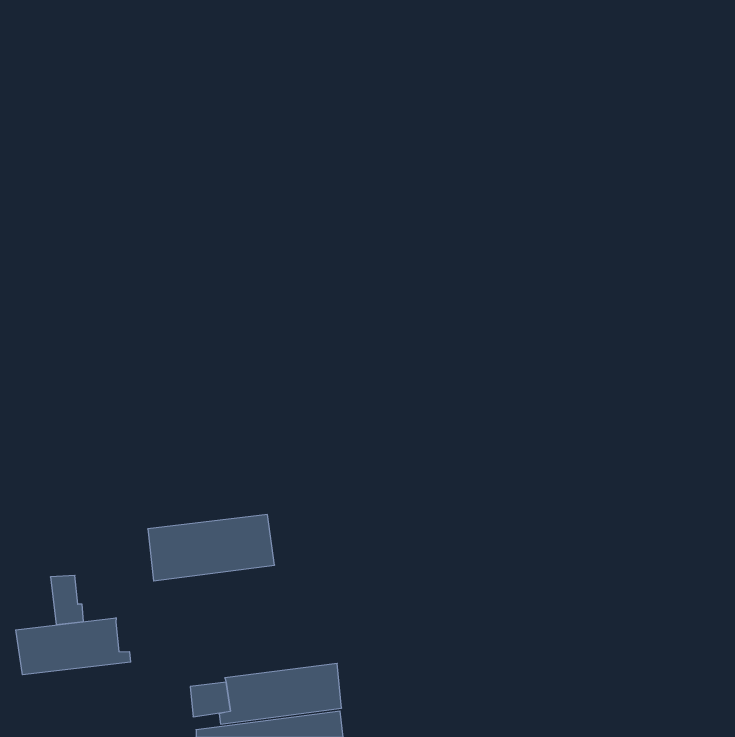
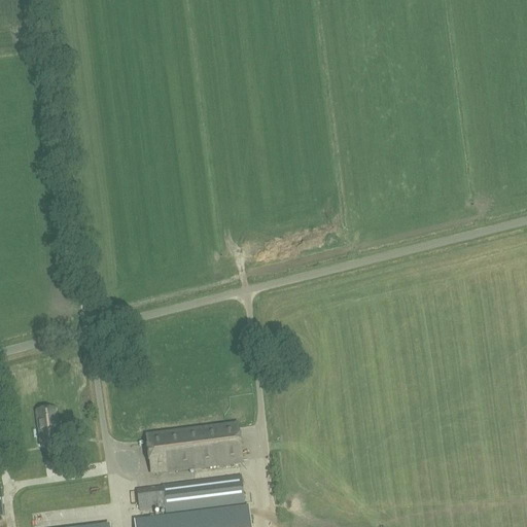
building: [148,515,275,581] -> [148,426,239,473]
building: [16,618,131,675] -> none

